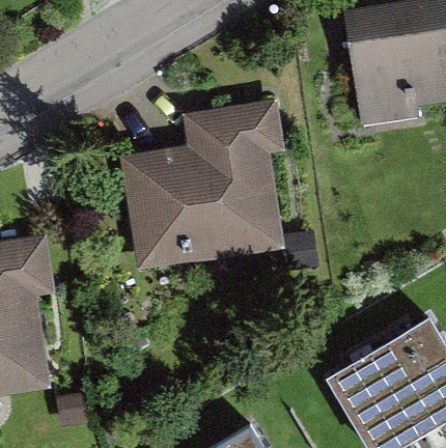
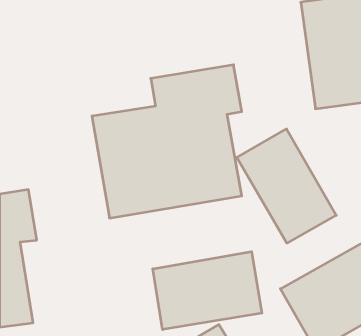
building: none -> [237,129,336,243]
building: none -> [153,252,262,330]

